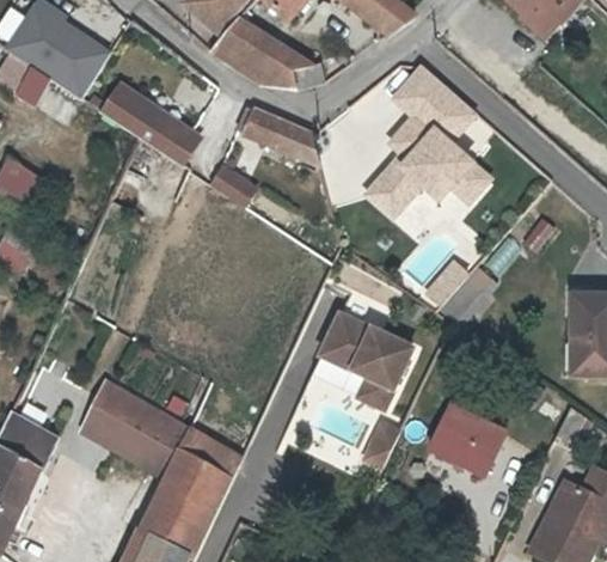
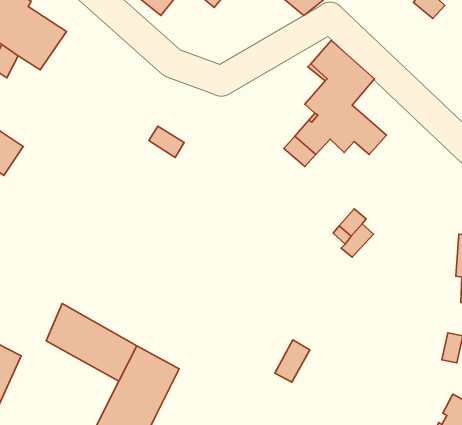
building: [211,20,343,91] -> none
building: [104,86,194,159] -> none
building: [237,106,323,170] -> none
building: [321,314,411,409] -> none
building: [433,404,504,472] -> none

